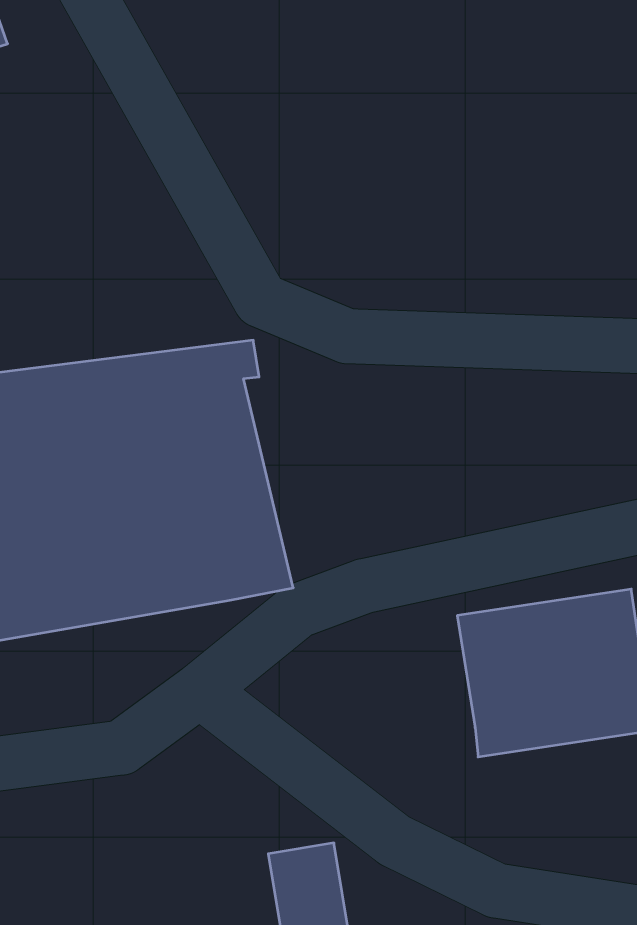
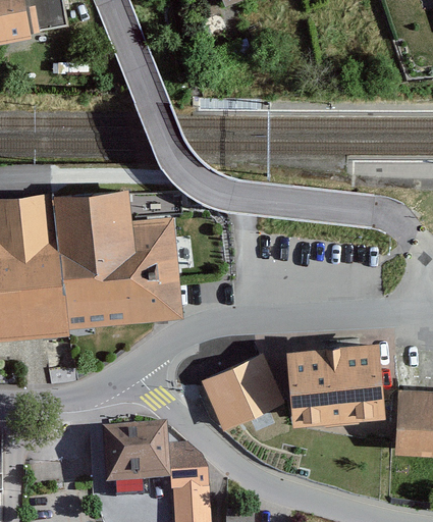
building: none -> [197,355,275,429]
building: none -> [91,426,159,485]

